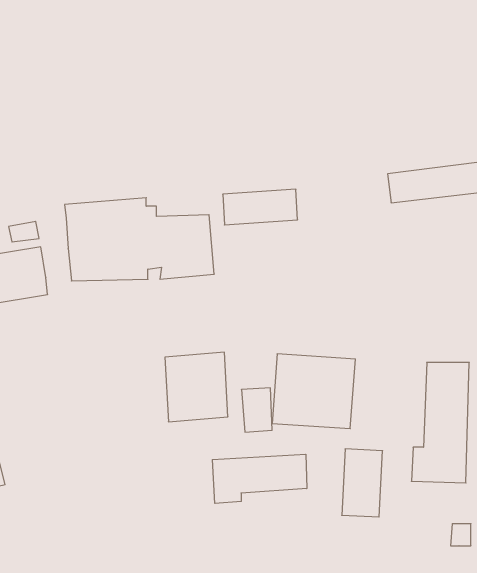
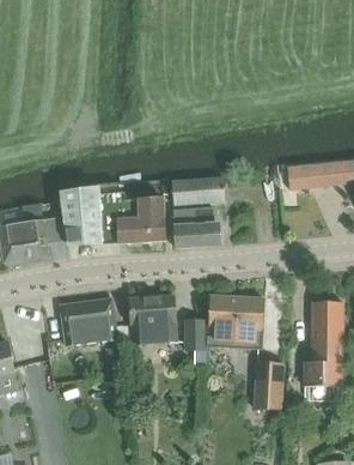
building: none -> [173,207,219,246]
building: none -> [60,297,116,346]
building: [212,454,307,503] -> none

